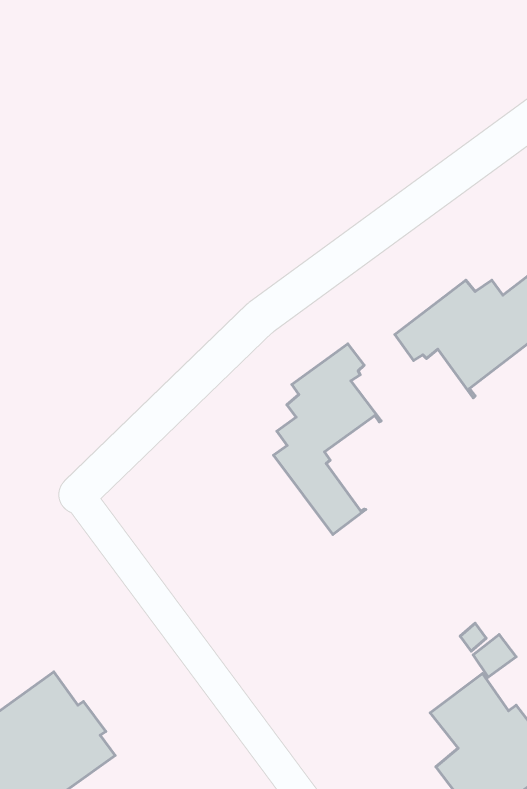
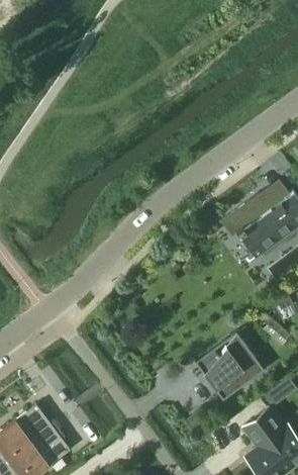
building: [274,344,381,534] -> none
building: none -> [204,336,264,400]

